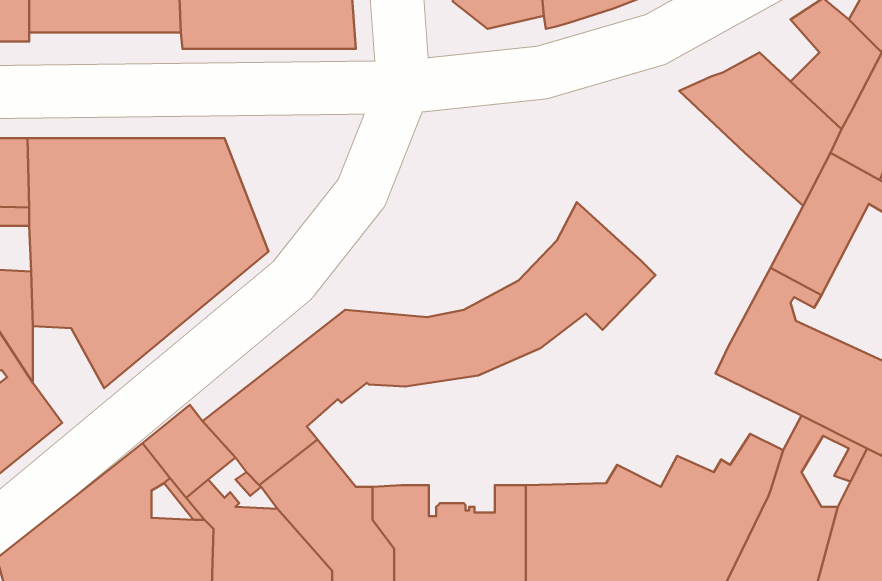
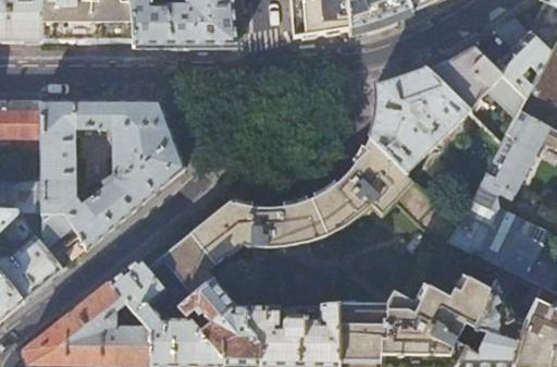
building: none -> [369,65,469,171]
building: none -> [45,210,87,268]

